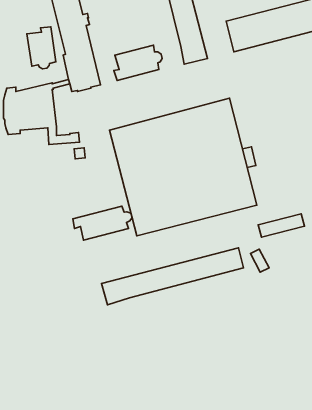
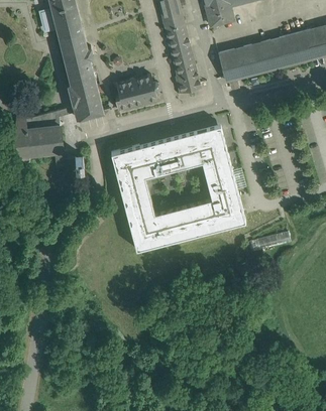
building: [27,27,56,69] -> none
building: [73,206,132,240] -> none
building: [101,248,243,305] -> none

